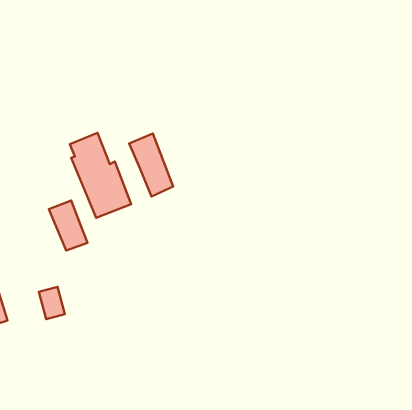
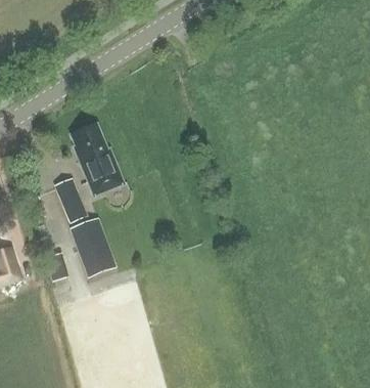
building: [129,134,173,197] -> none
building: none -> [71,219,113,276]

